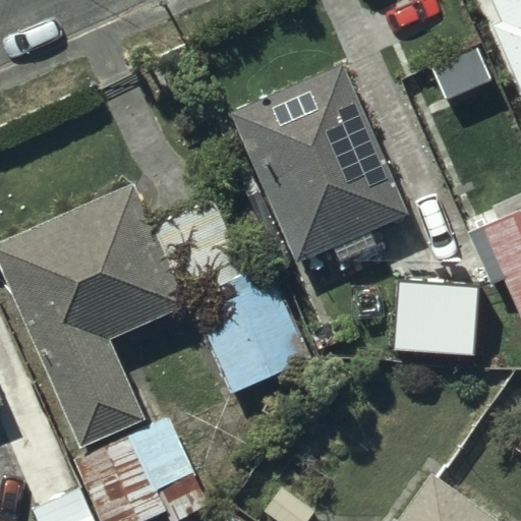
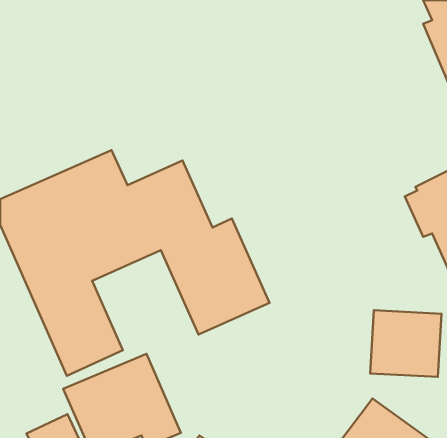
building: [231,67,408,264] -> none
building: [394,278,476,355] -> [370,310,441,377]

